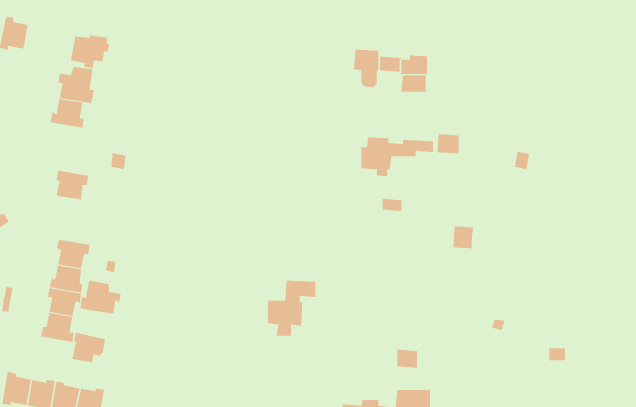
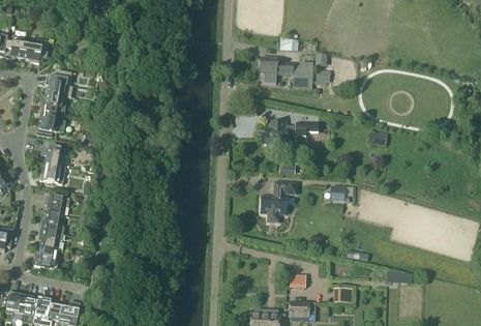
building: [70,35,111,69] -> [22,38,51,63]
building: none -> [39,110,66,132]
building: none -> [39,162,65,184]
building: [80,280,121,314] -> none
building: [267,280,316,336] -> [261,181,296,221]
building: [72,332,106,363] -> none

